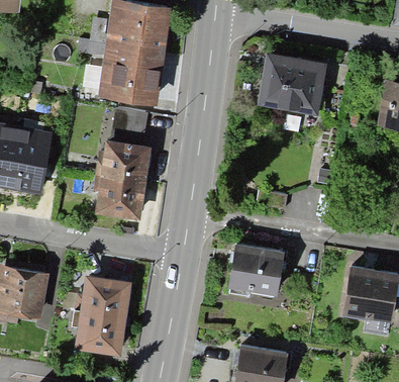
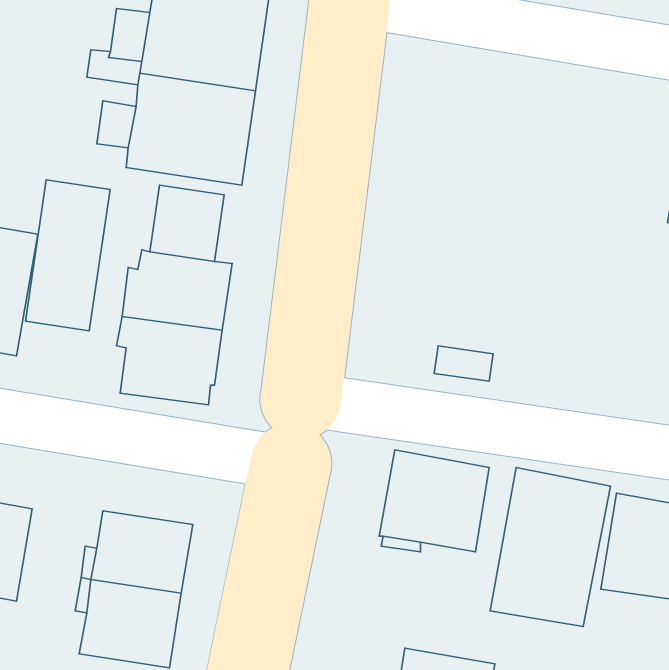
building: [258,53,327,116] -> none
building: none -> [25,180,110,331]
building: none -> [490,468,610,626]

